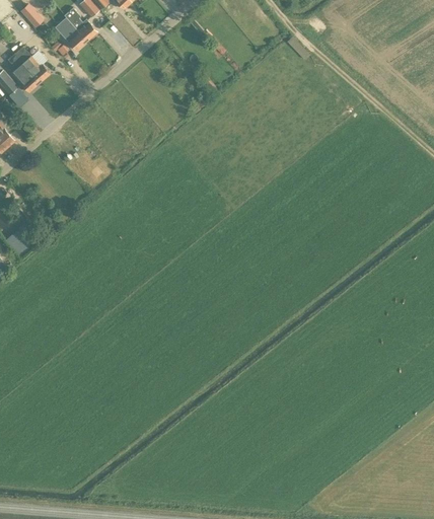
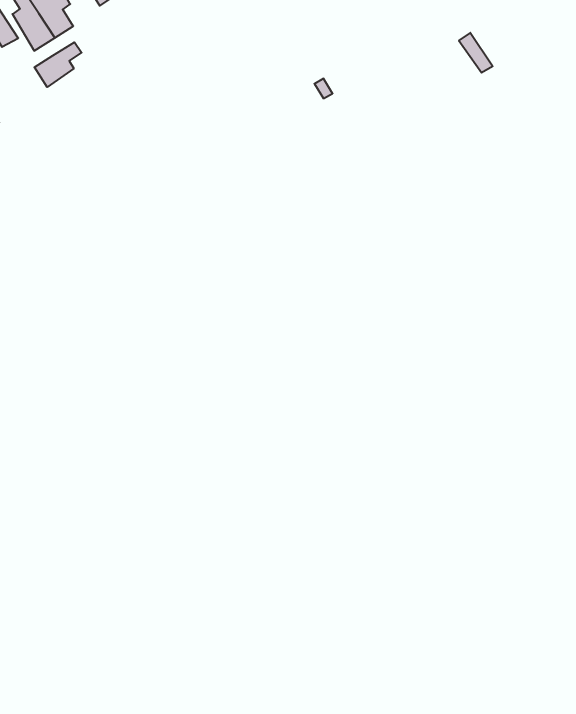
building: none -> [34,42,82,87]

